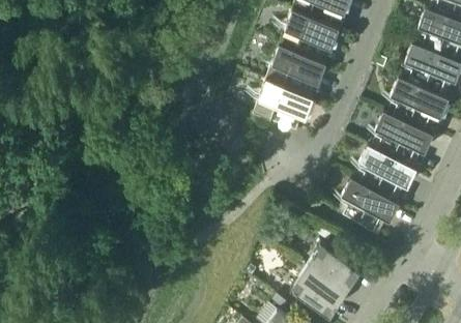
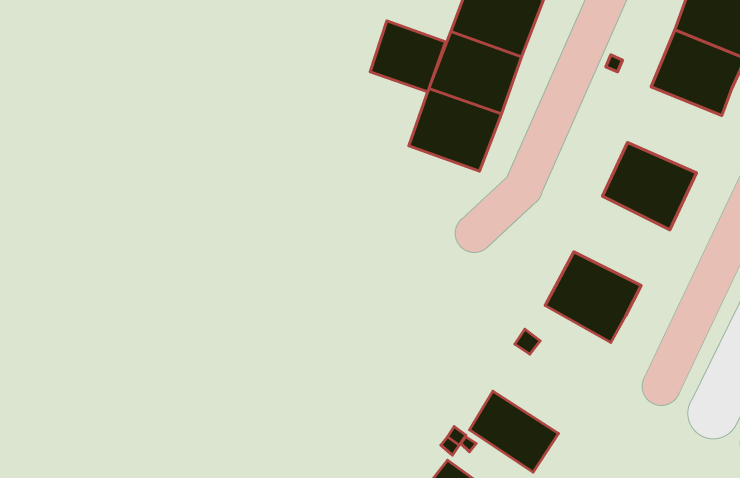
building: none -> [370,21,445,92]
building: [390,78,448,130] -> none
building: [356,145,415,200] -> none
building: [307,242,363,291] -> none

